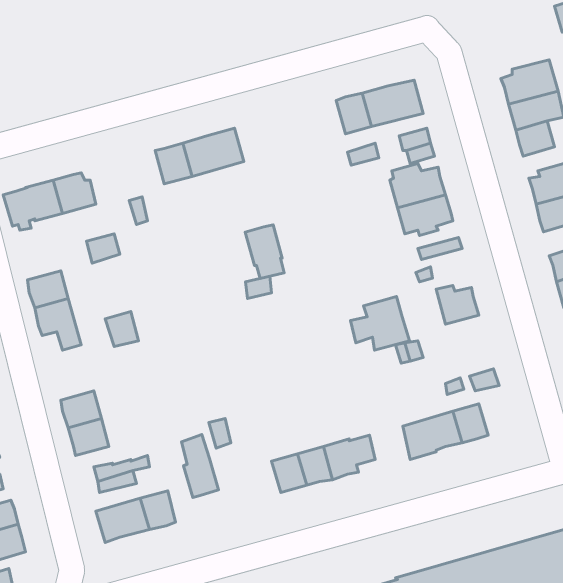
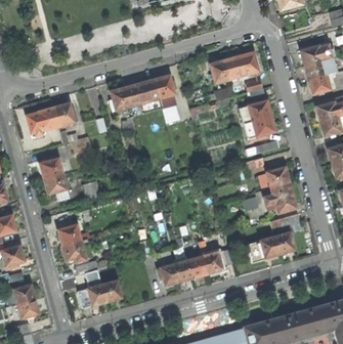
building: [245,225,284,278] -> [154,75,175,104]
building: [350,297,410,350] -> [263,182,296,212]
building: [182,434,219,497] -> [159,250,179,285]

